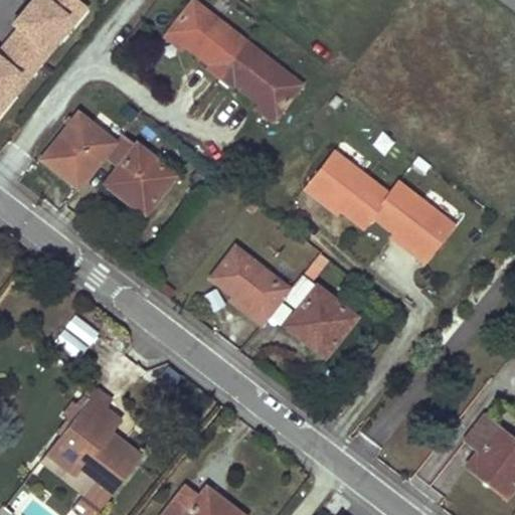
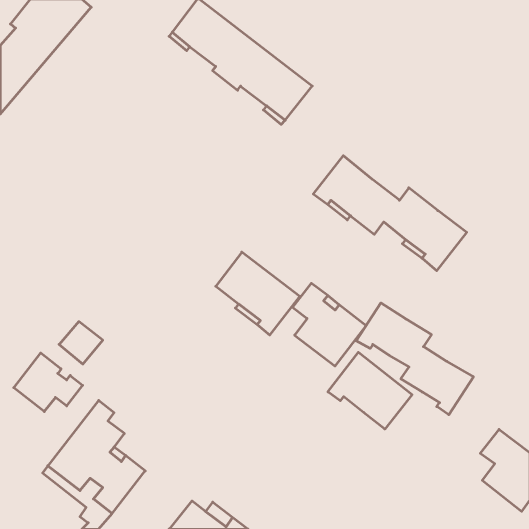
building: [43,112,176,213] -> none
building: none -> [356,303,473,415]
building: none -> [328,352,412,429]
building: none -> [14,353,83,412]

